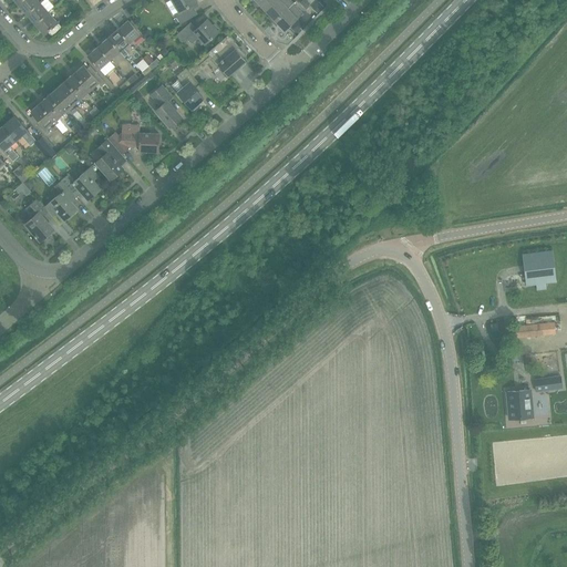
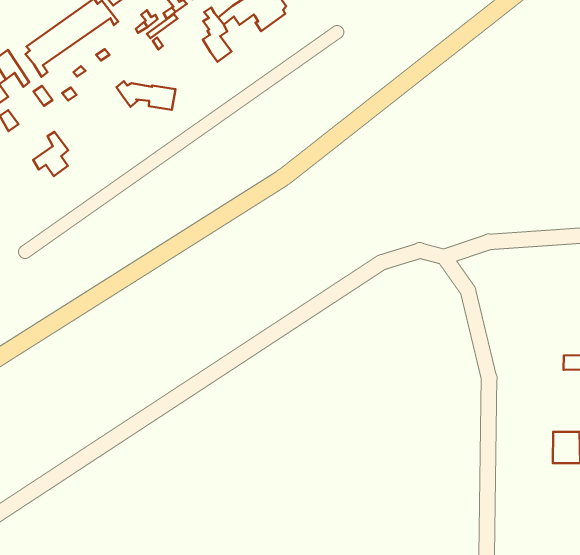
building: [151,84,182,128] -> none
building: [95,140,125,179] -> none
building: [61,167,100,199] -> none
building: [23,200,52,240] -> none

